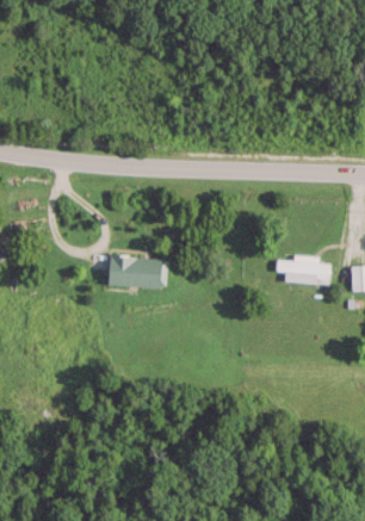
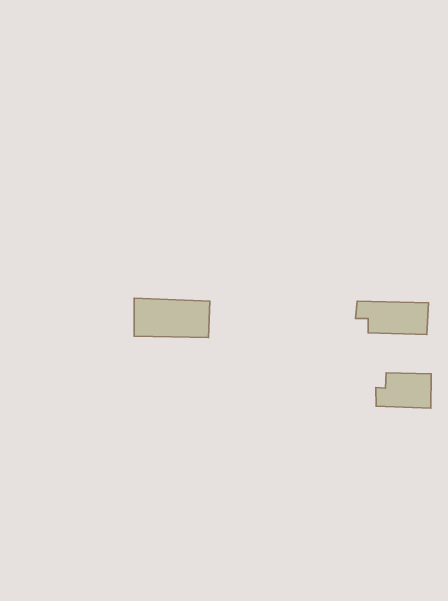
building: none -> [376,373,431,408]

